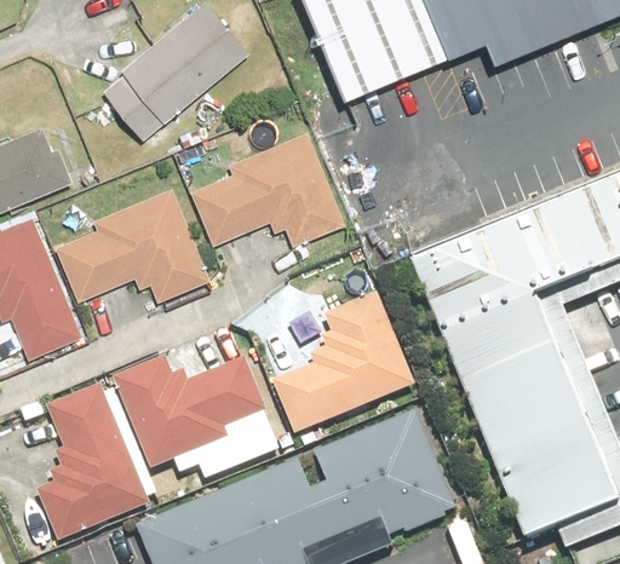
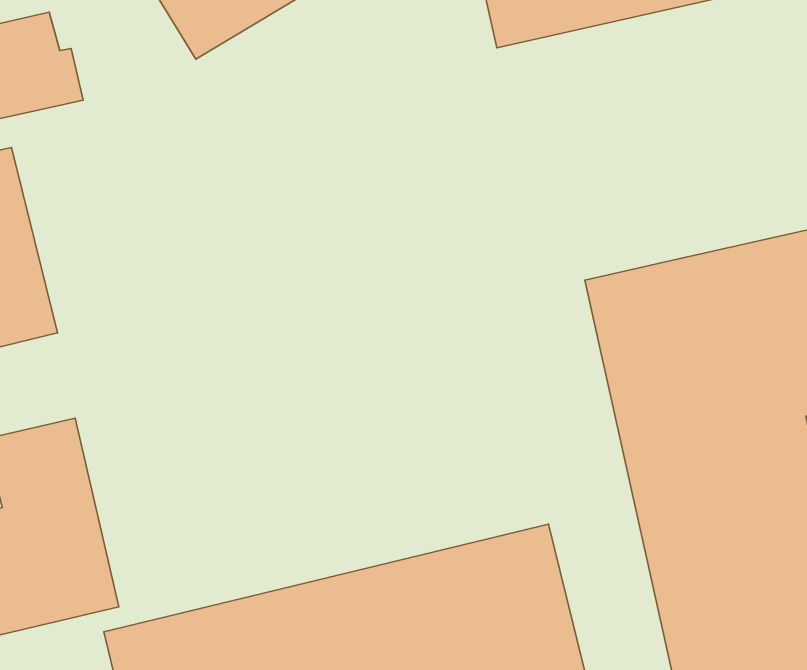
building: [189,134,346,248] -> none
building: [53,189,208,303] -> none
building: [270,295,414,439] -> none
building: [111,358,280,482] -> none

